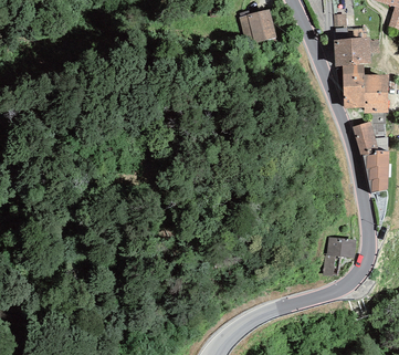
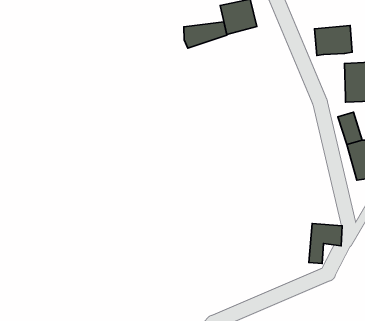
building: none -> [184,22,227,48]
building: [342,64,364,107] -> none

